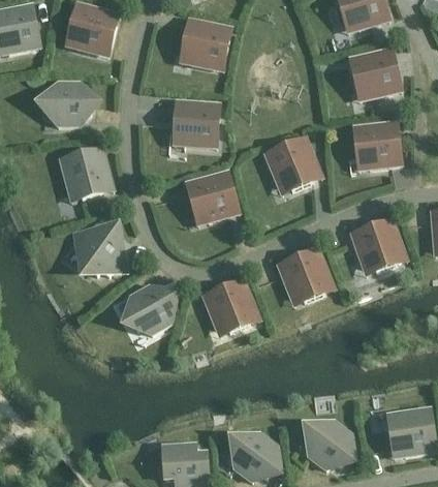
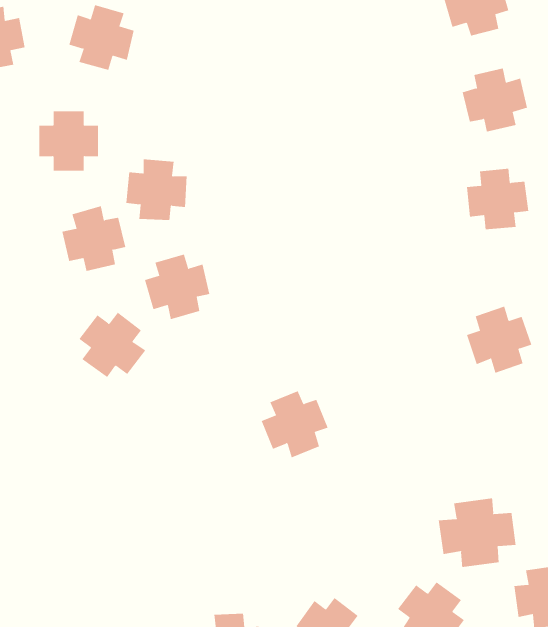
building: [182,20,228,66] -> none
building: [174,100,218,145] -> [126,159,187,220]
building: [269,141,317,188] -> none
building: [188,173,236,220] -> [144,254,210,320]
building: [282,251,330,300] -> none
building: [126,284,175,333] -> none
building: none -> [438,498,516,568]

